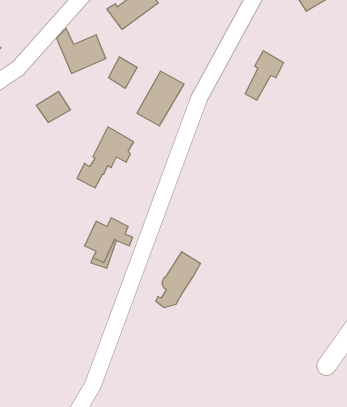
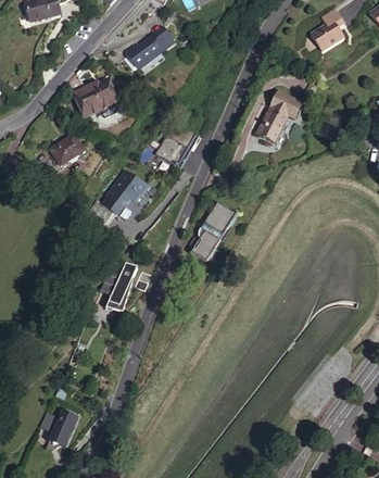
building: [108,57,137,88] -> none
building: [156,252,201,307] -> [189,199,235,255]
building: none -> [39,406,77,442]

